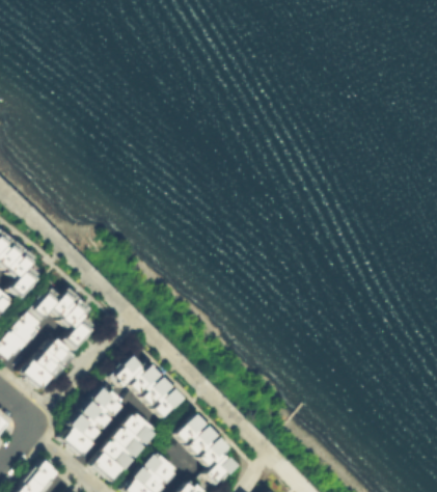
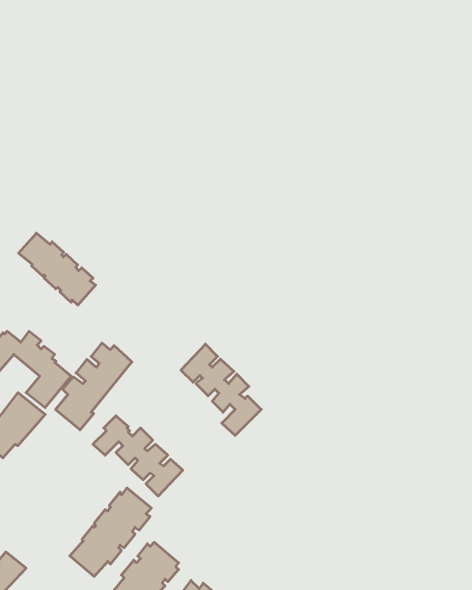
building: none -> [19,233,96,305]
building: [64,388,122,455] -> [56,343,132,430]
building: [174,414,236,484] -> [181,344,261,435]

